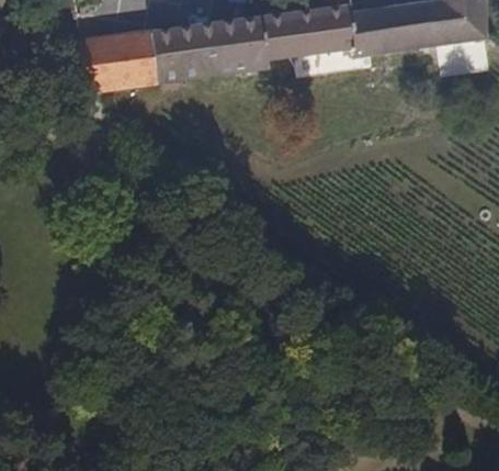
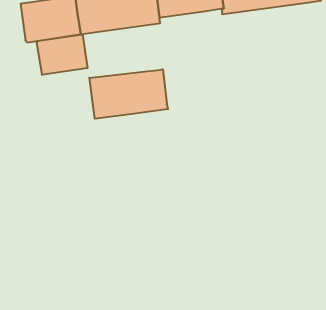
building: none -> [37,34,88,75]
building: none -> [89,69,168,119]

